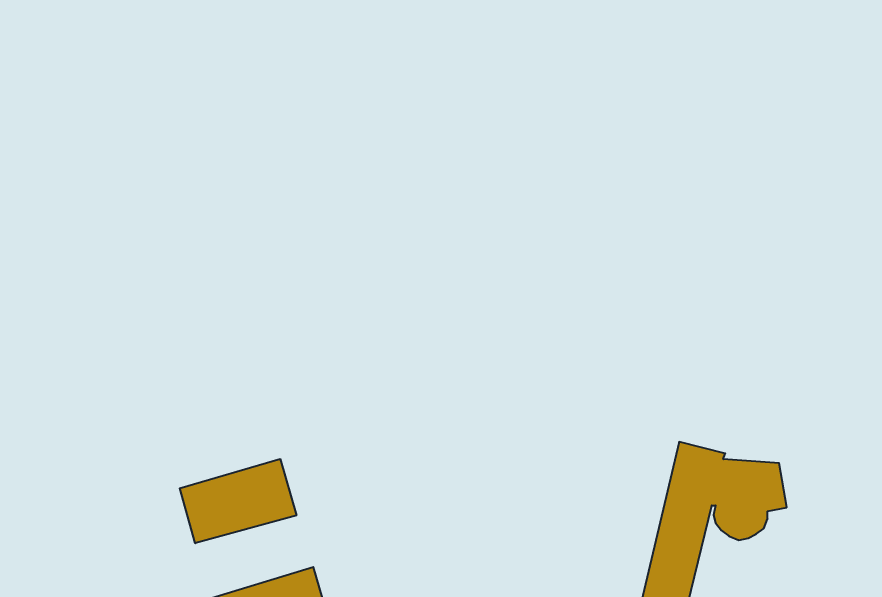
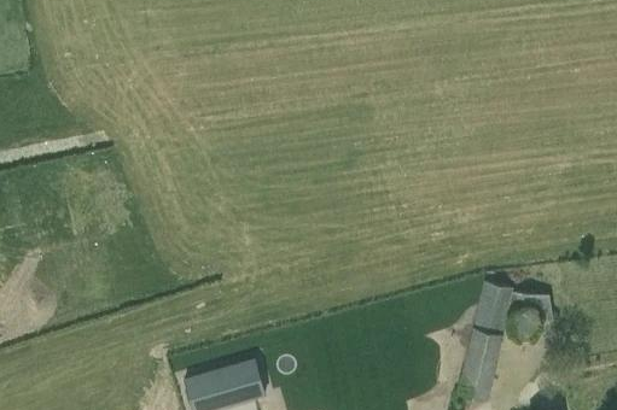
building: [180,459,296,543] -> none

